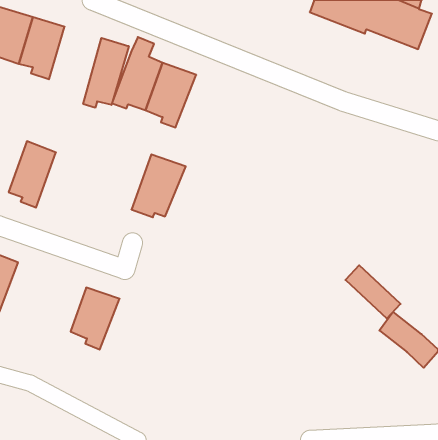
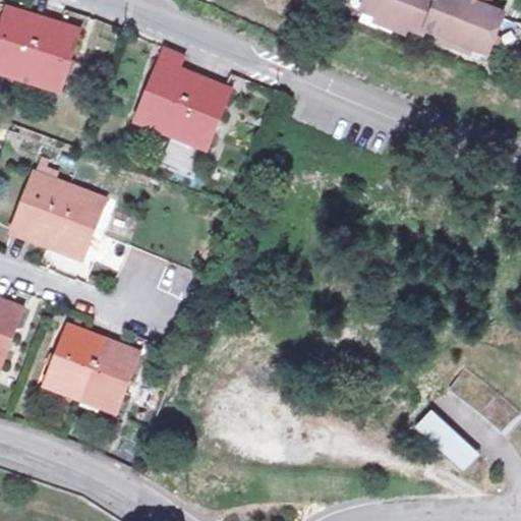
building: [83,38,129,108] -> none
building: [131,154,186,217] -> [43,180,107,254]
building: [345,265,401,319] -> [414,409,479,472]
building: none -> [44,327,102,392]

